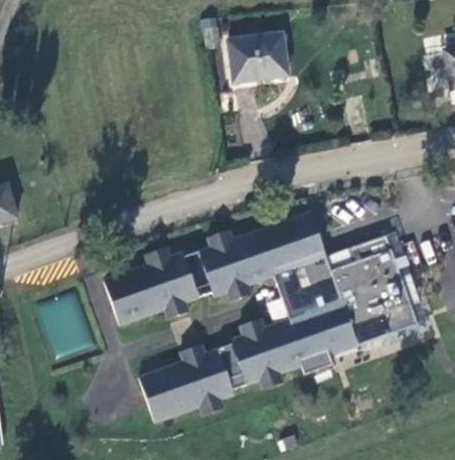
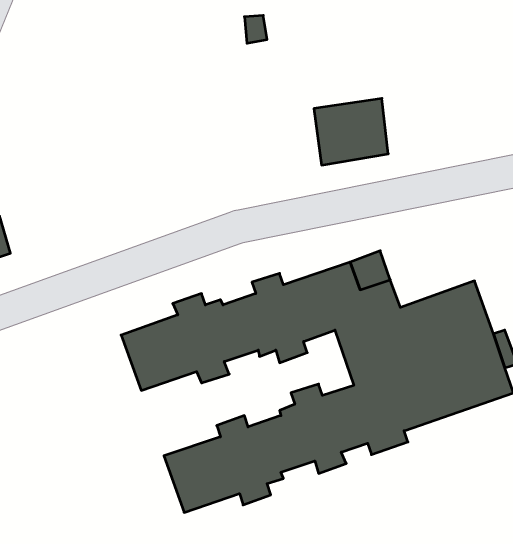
building: [229,29,288,83] -> [314,98,388,165]

